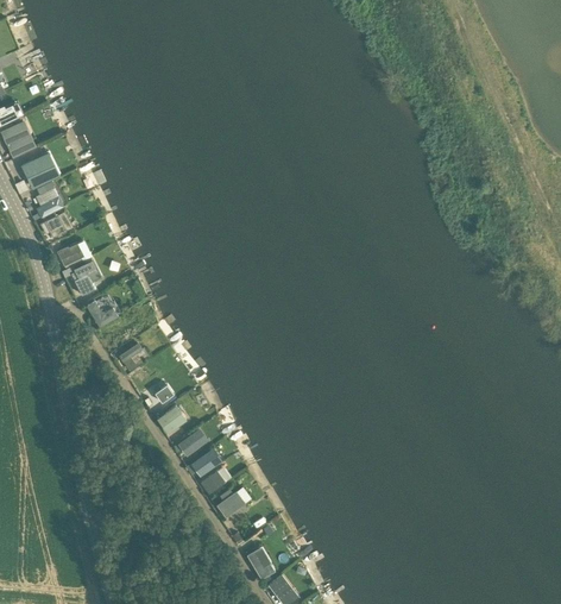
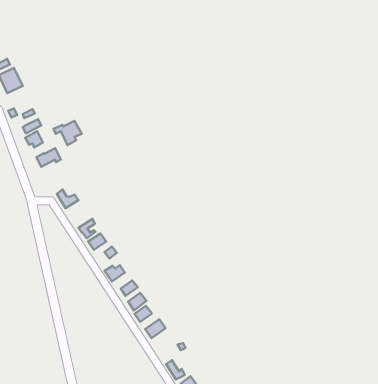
building: [20,151,59,188] -> none
building: [61,259,102,295] -> [54,121,82,145]

